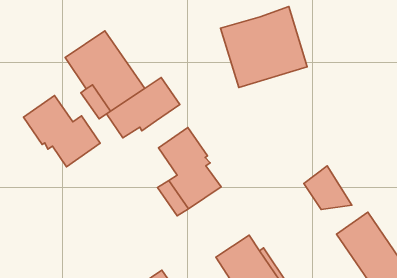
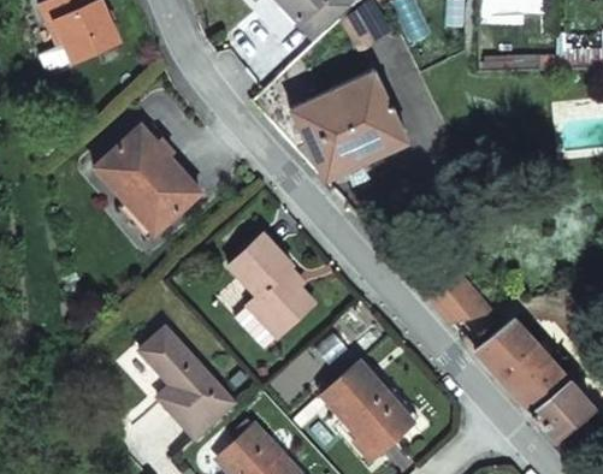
building: [107,77,180,138] -> none
building: [23,96,100,167] -> none
building: none -> [142,328,236,437]

